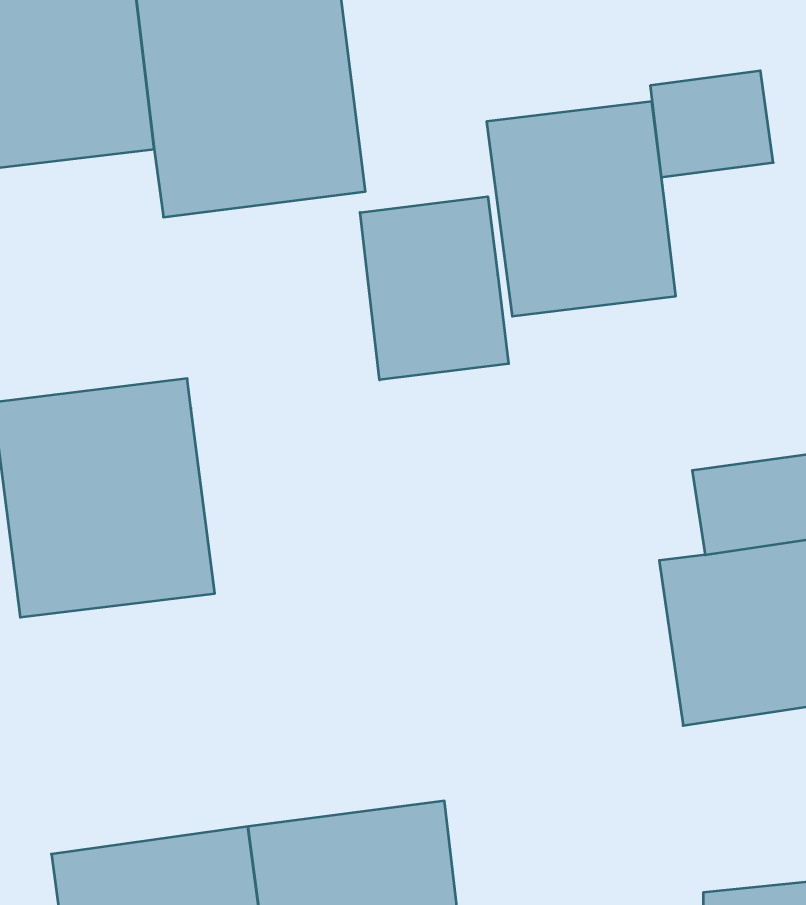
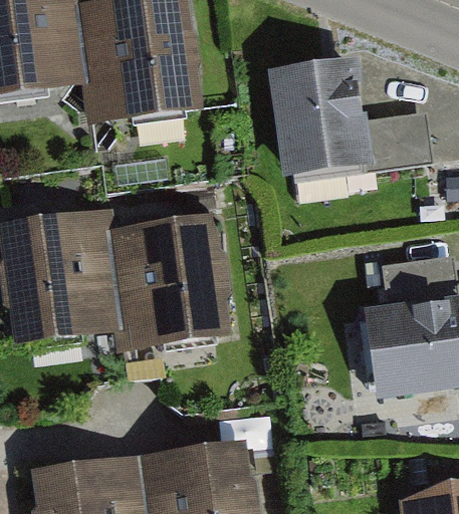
building: [650,71,773,177] -> [367,109,434,168]
building: [360,197,509,380] -> none
building: none -> [107,215,231,350]

